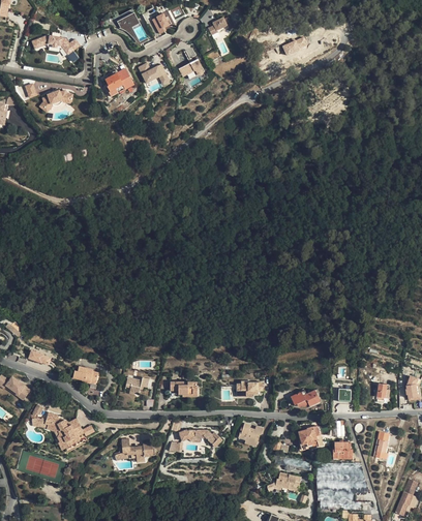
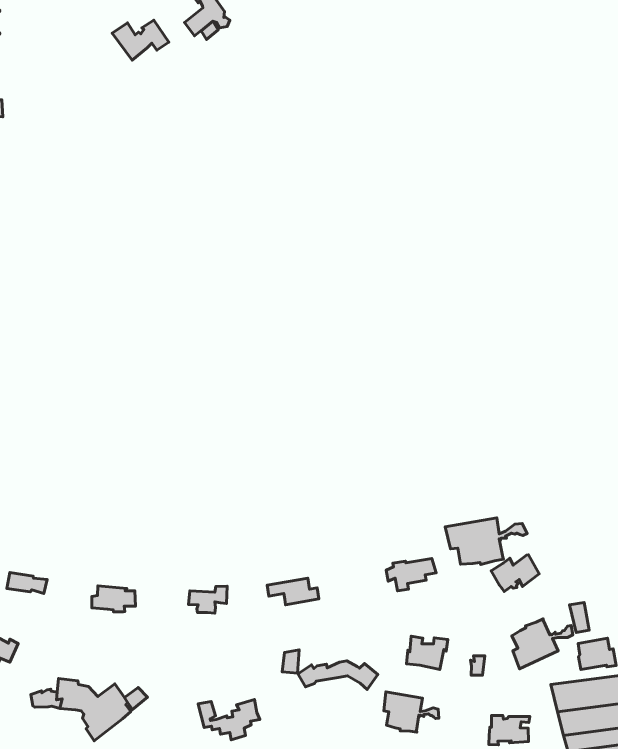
building: [104,68,134,97] -> none
building: none -> [445,518,527,565]
building: none -> [384,692,439,732]

